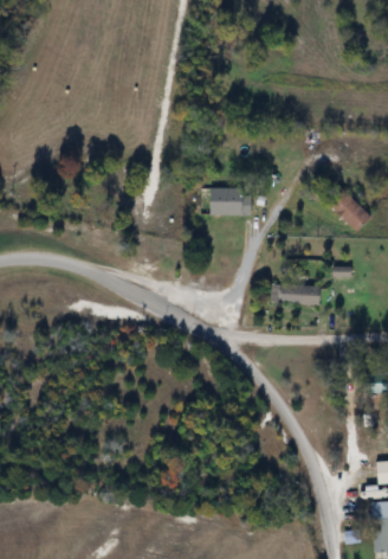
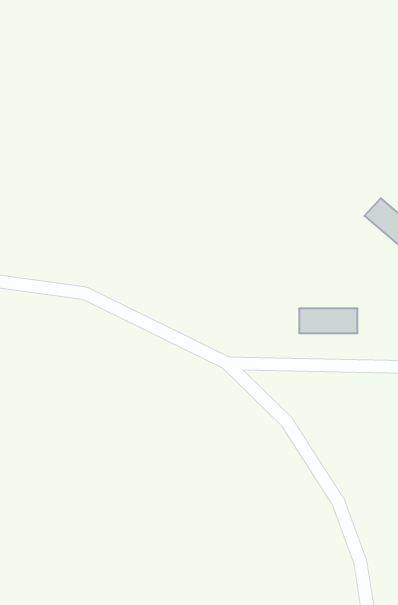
building: [211,187,250,214] -> none

